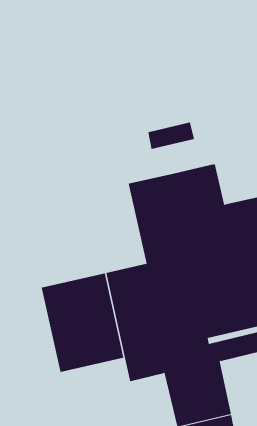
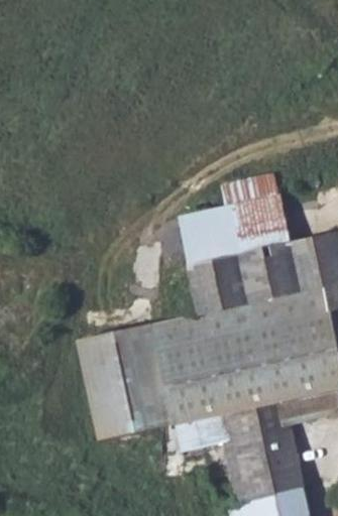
building: [147,122,195,149] -> [224,175,279,208]

